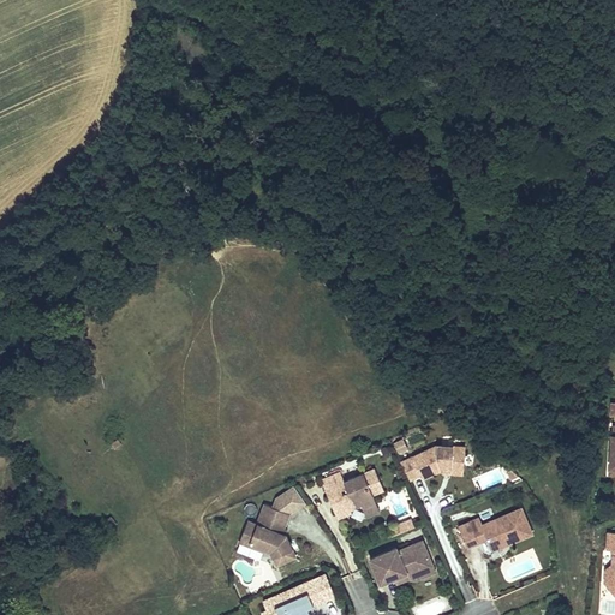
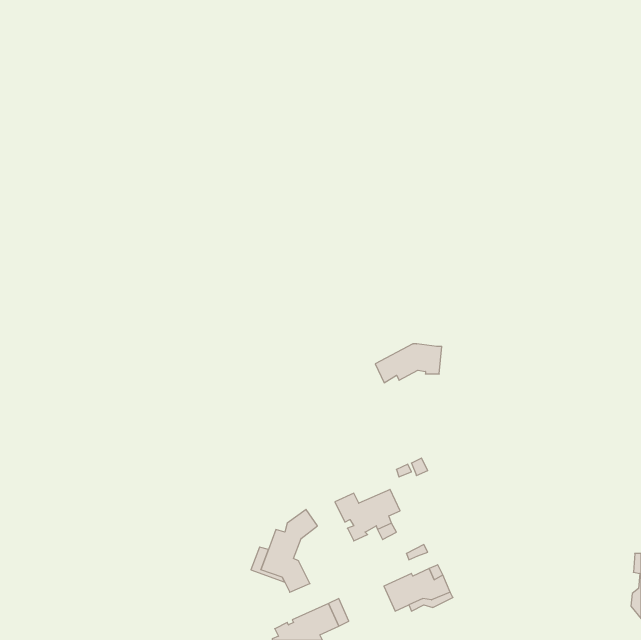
building: [400,446,464,483] -> [375,344,442,383]
building: [458,507,531,549] -> none

